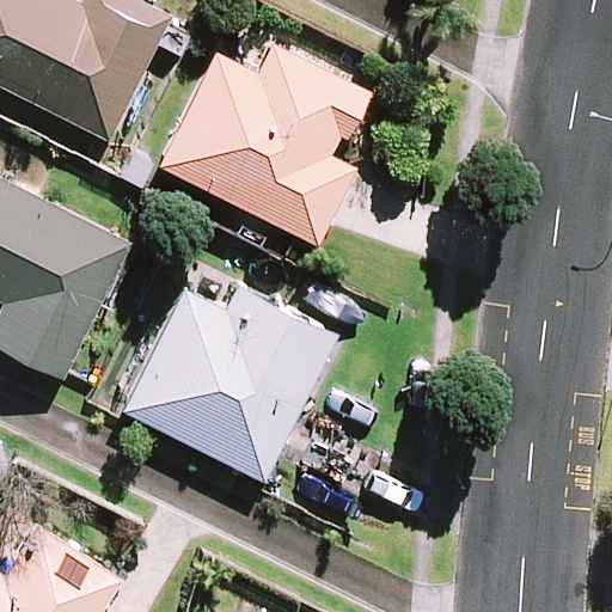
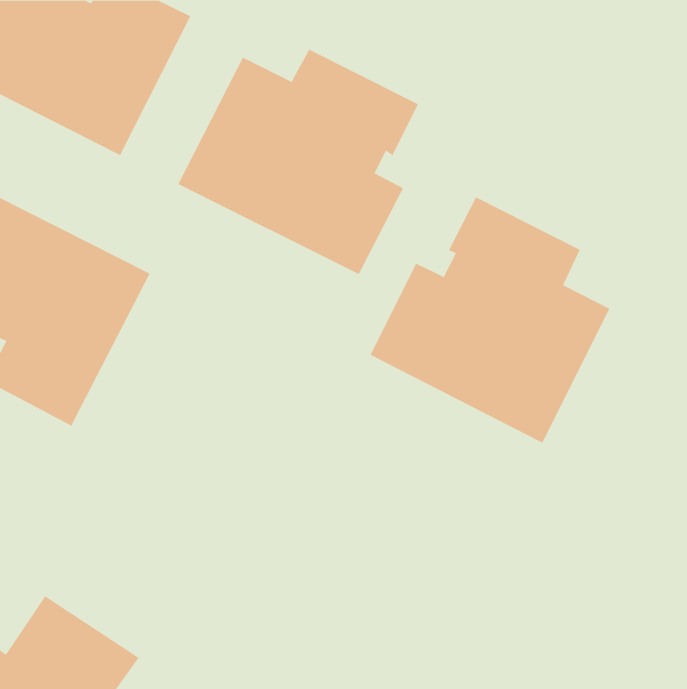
building: none -> [370,197,610,443]
building: [122,286,338,482] -> none

